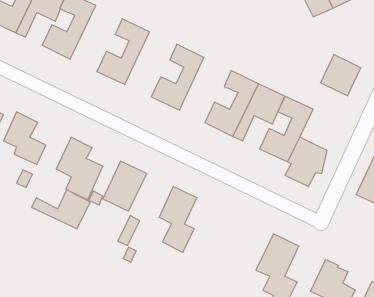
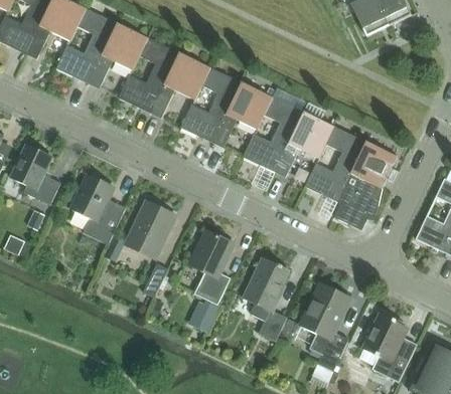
building: none -> [89,22,148,88]
building: none -> [151,52,210,118]
building: [320,55,361,96] -> [351,141,398,188]
building: none -> [213,81,273,147]
building: [32,190,90,229] -> none
building: none -> [243,256,289,341]
building: none -> [188,300,219,331]

